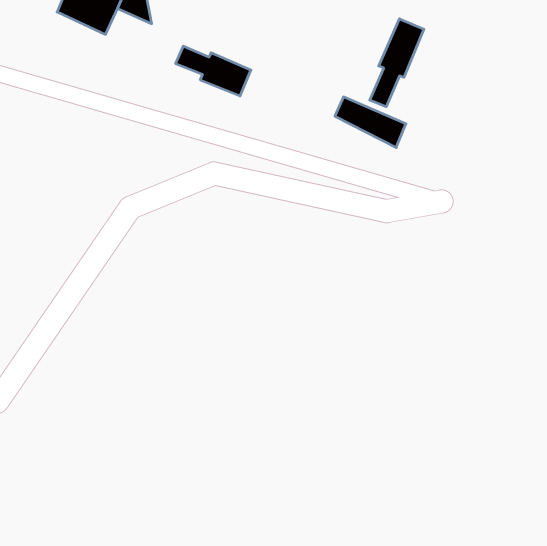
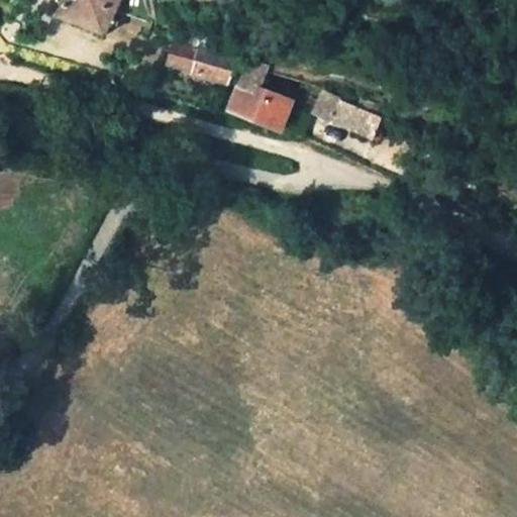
building: [370,19,424,107] -> none
building: none -> [227,58,289,130]

